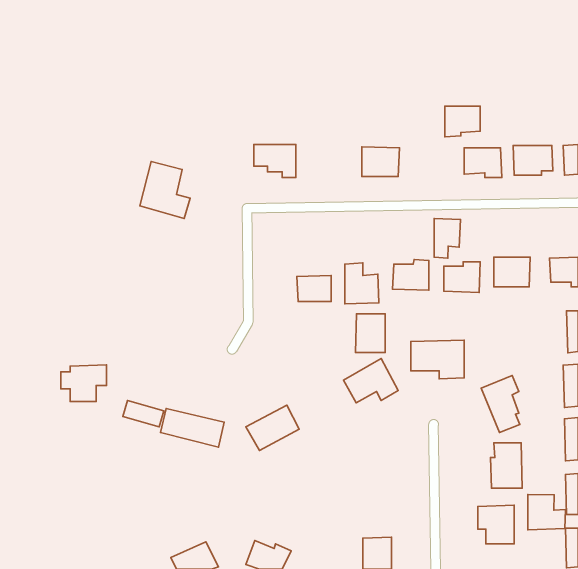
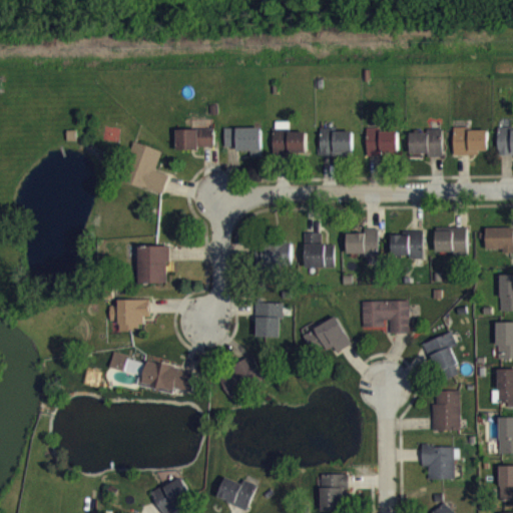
building: [445,106,480,137] -> [366,129,397,156]
building: none -> [175,128,212,148]
building: none -> [271,129,306,153]
building: [434,219,460,258] -> none
building: none -> [138,245,168,283]
building: [355,314,385,353] -> [254,303,281,337]
building: [61,365,106,401] -> [109,299,149,331]
building: [528,495,565,530] -> none

